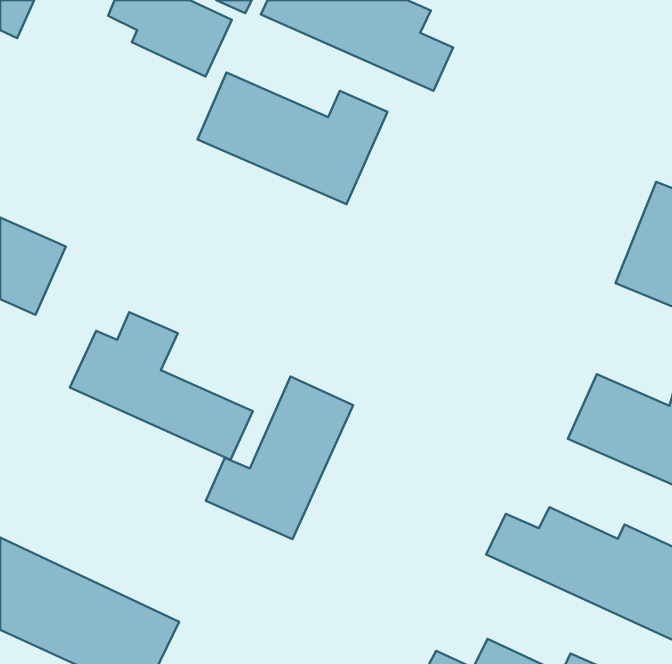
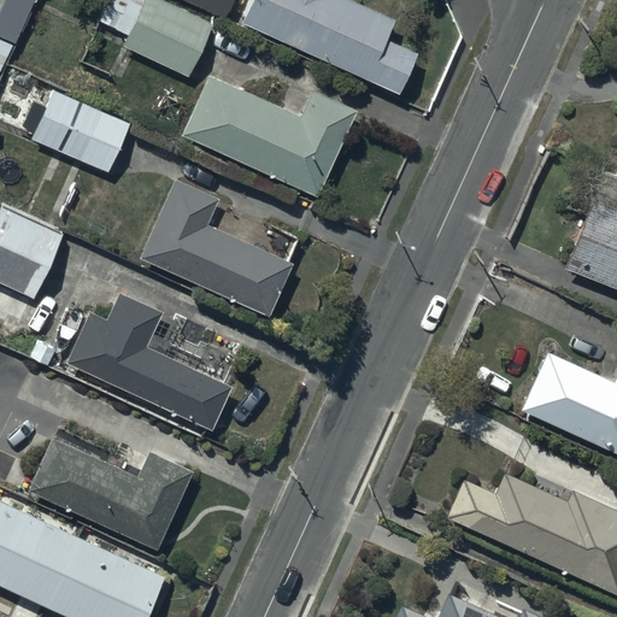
building: none -> [30,92,129,175]
building: none -> [139,177,290,316]
building: [206,377,353,539] -> none
building: none -> [28,439,193,550]

